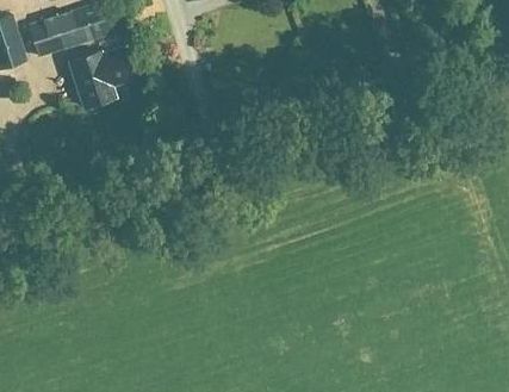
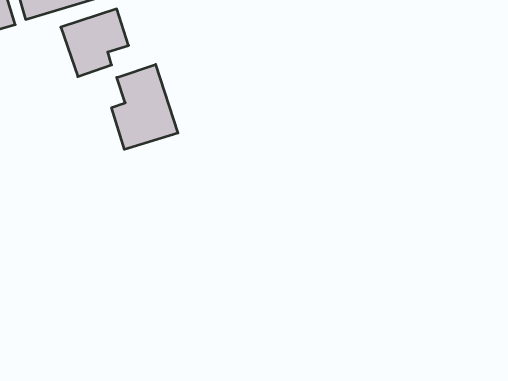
building: none -> [112,64,178,149]

